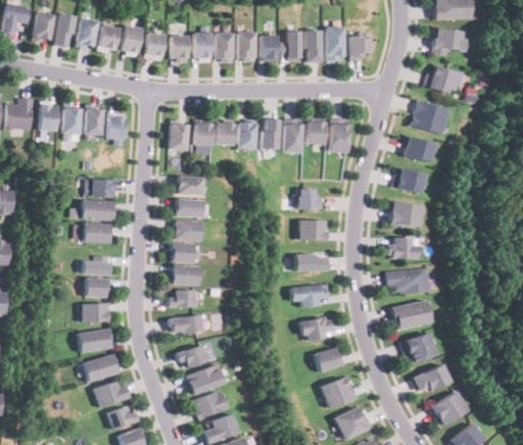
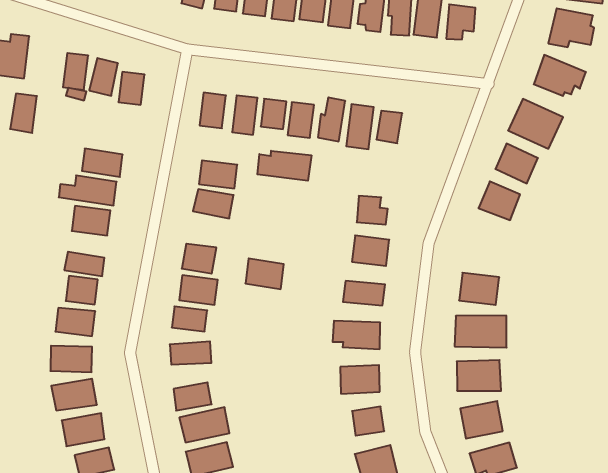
building: [39,103,56,132] -> [10,94,37,133]
building: [330,122,348,153] -> none
building: none -> [257,151,311,181]
building: [388,200,420,227] -> none
building: [175,220,202,241] -> [245,258,284,289]

